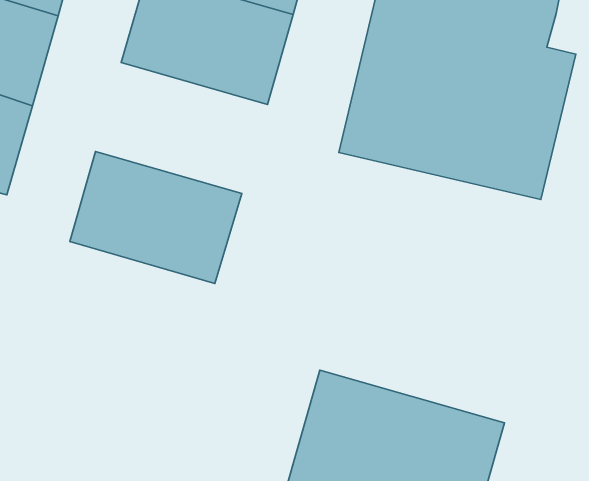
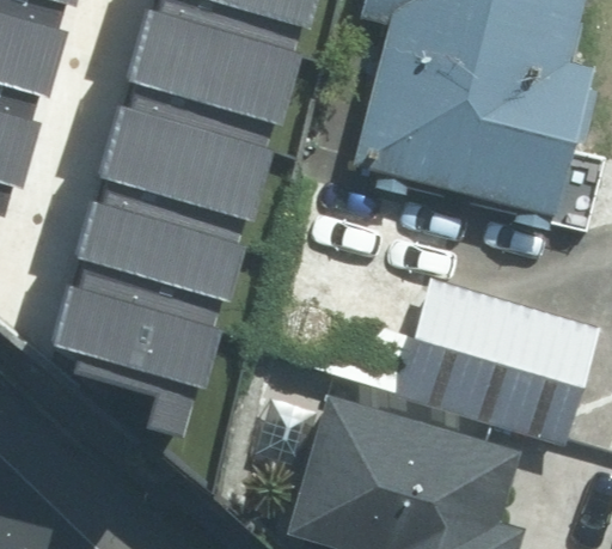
building: none -> [102,81,277,215]
building: none -> [54,264,224,382]
building: none -> [398,277,599,445]

